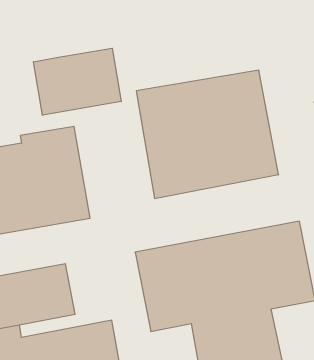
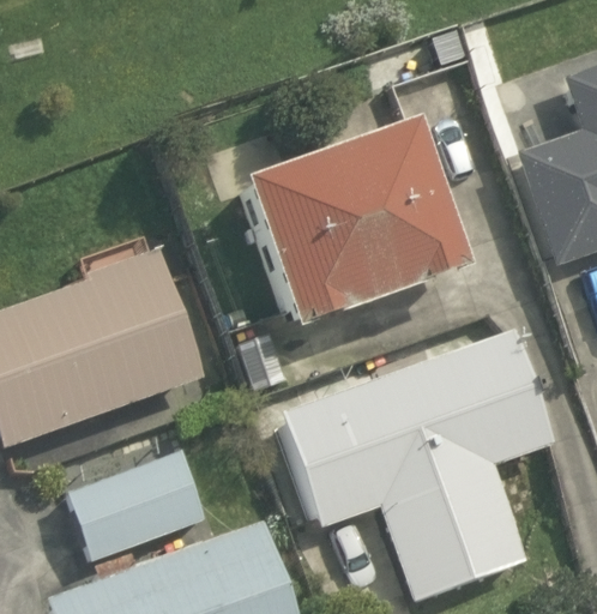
building: [33,48,121,115] -> none

